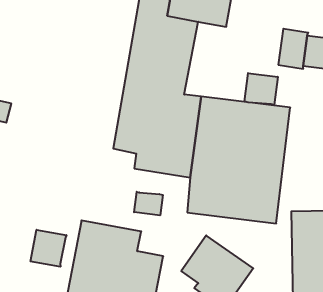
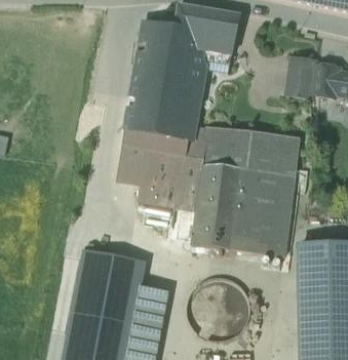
building: [244,73,278,105] -> none
building: [134,192,163,215] -> none
building: [31,230,66,267] -> none

